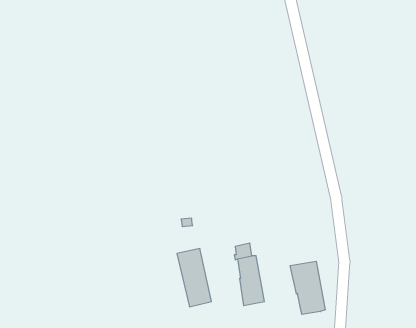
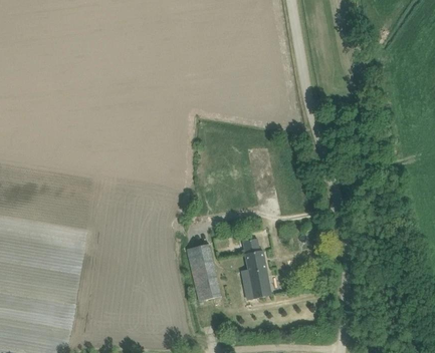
building: [290,261,325,314] -> none

